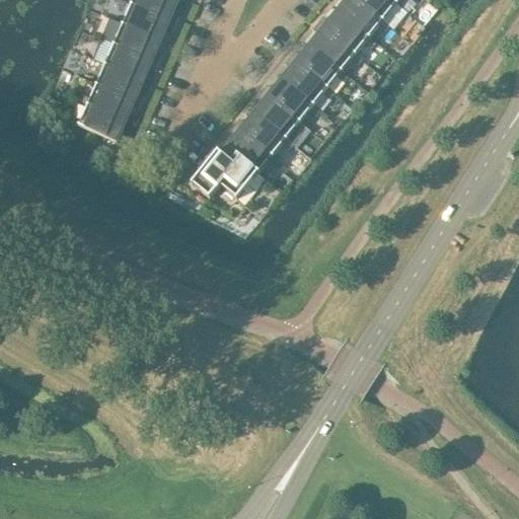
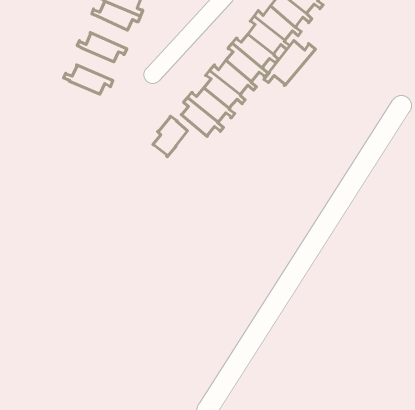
building: [105,20,161,61] -> none
building: none -> [264,41,316,85]
building: [88,61,144,100] -> none
building: [71,101,127,142] -> none
building: [219,143,258,197] -> none

